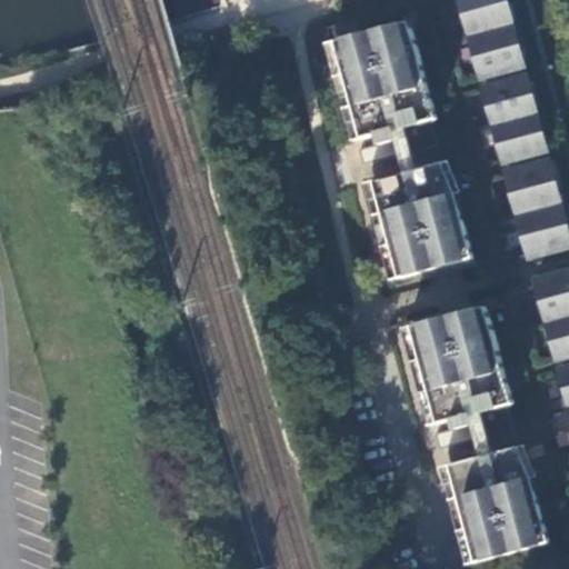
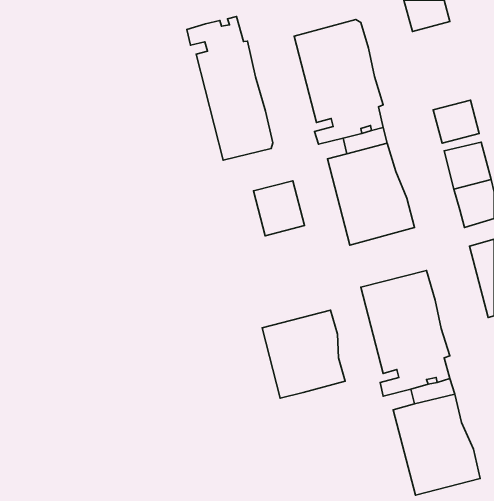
building: none -> [187,16,273,160]
building: [468,24,521,78] -> none
building: [481,77,533,124] -> none
building: none -> [253,181,305,236]
building: none -> [262,310,345,398]

